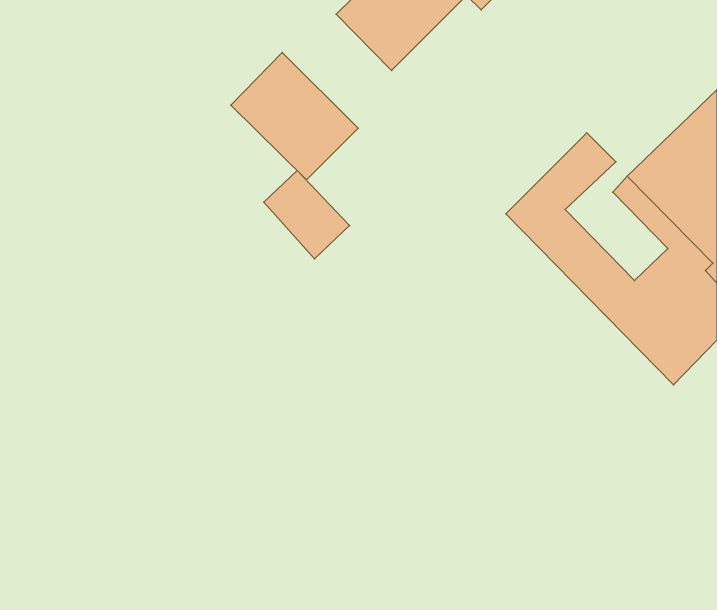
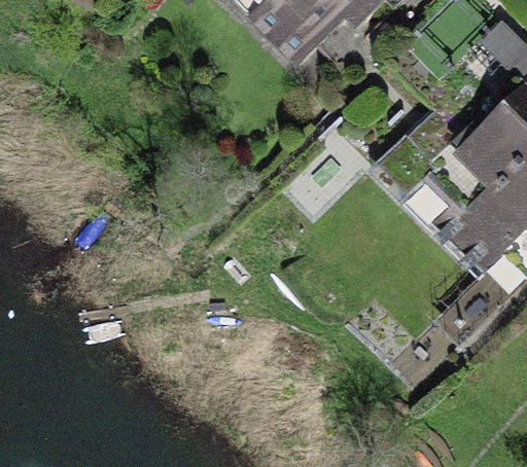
building: [231,52,358,180] -> none

